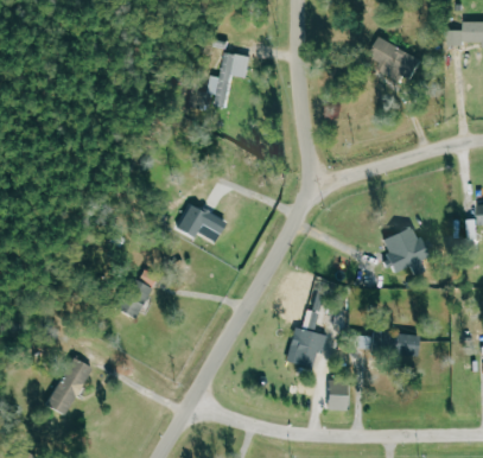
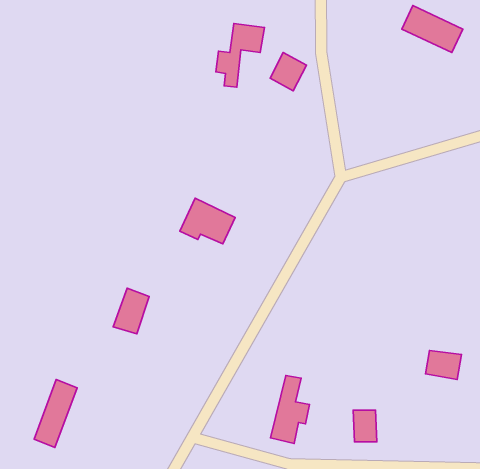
building: none -> [270,52,306,91]
building: [381,225,425,274] -> none
building: [292,310,325,368] -> [271,376,310,443]

